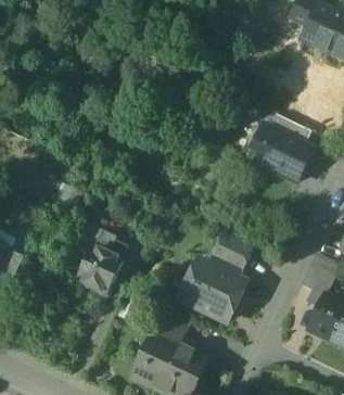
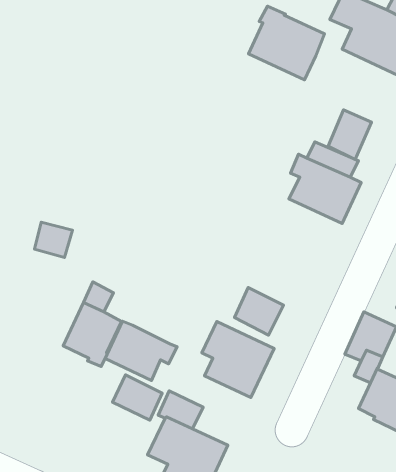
building: none -> [249,6,325,80]
building: none -> [328,110,372,159]
building: none -> [105,321,177,380]
building: none -> [113,375,162,420]

